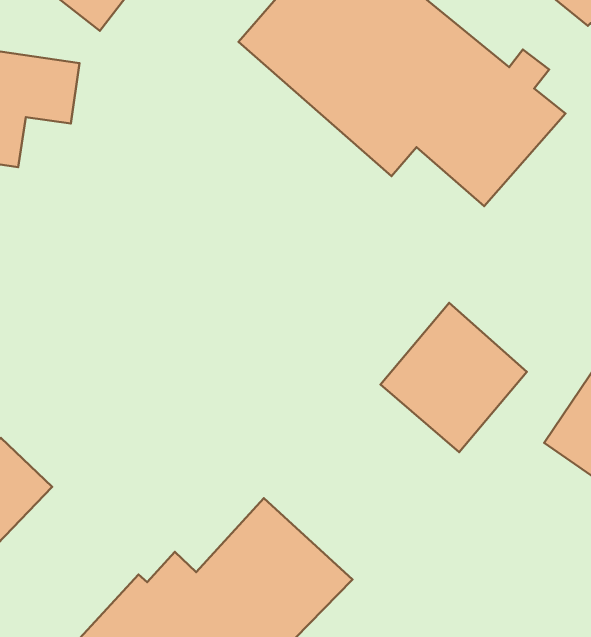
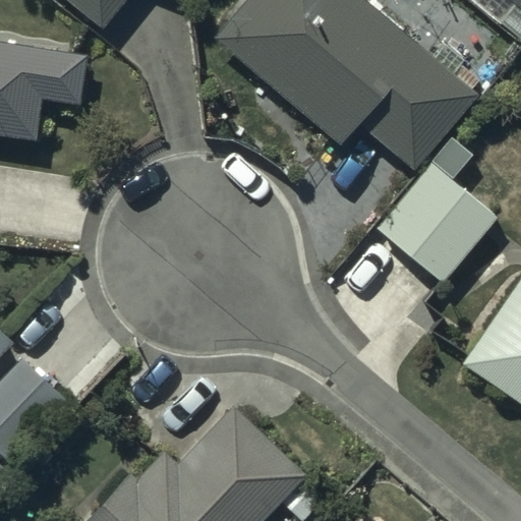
building: [380,303,527,452] -> [378,162,497,283]

